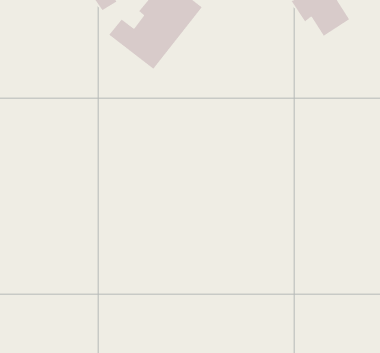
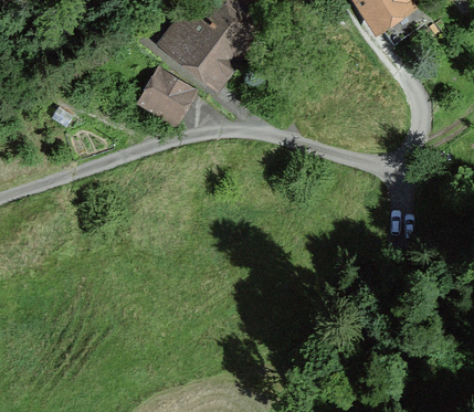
building: none -> [138,71,186,117]

